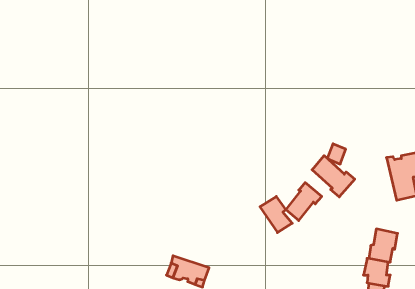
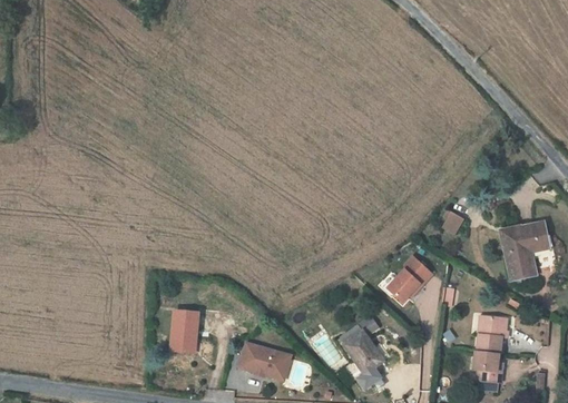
building: [312,156,355,197] -> none
building: [260,196,292,233] -> [341,332,380,375]
building: none -> [172,314,197,352]

